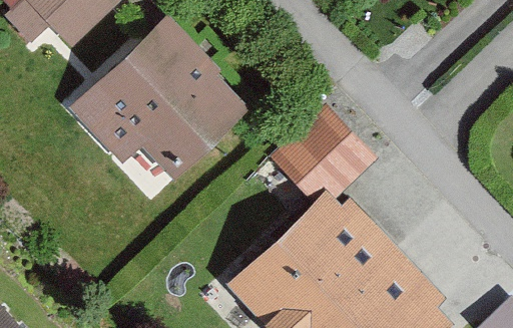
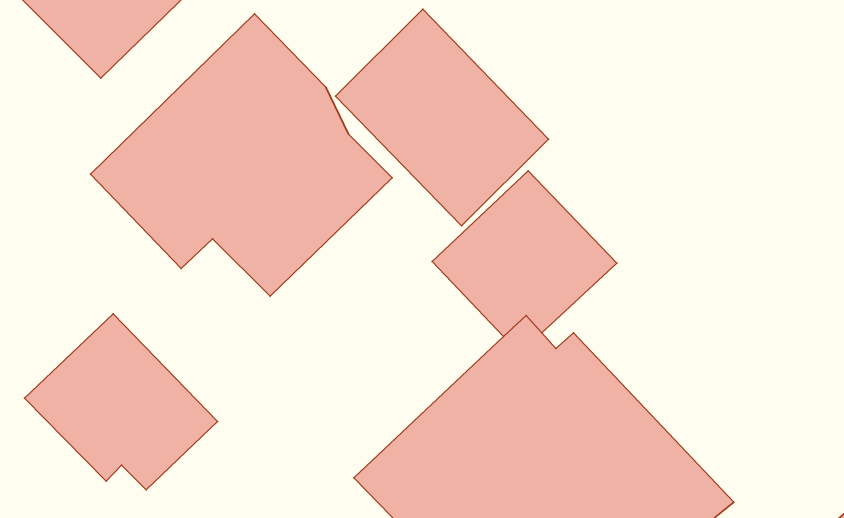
building: none -> [336,9,549,226]
building: none -> [24,314,218,490]

